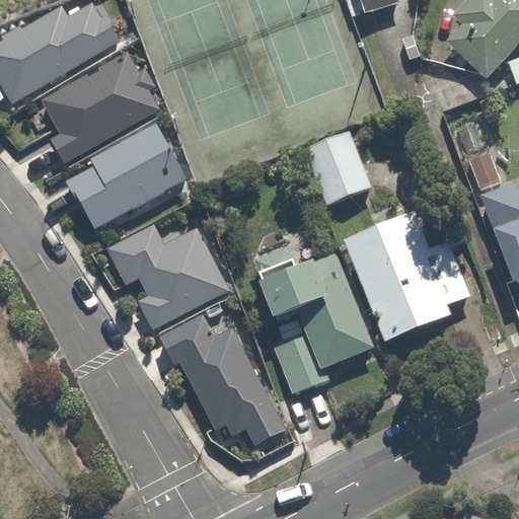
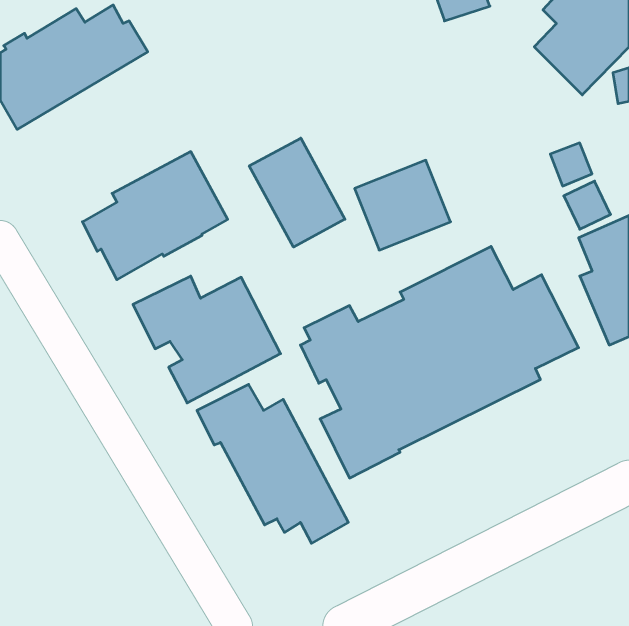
building: [43,54,161,164] -> none
building: none -> [249,138,345,247]

